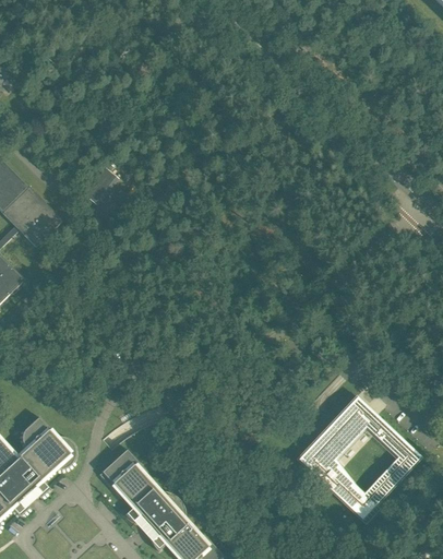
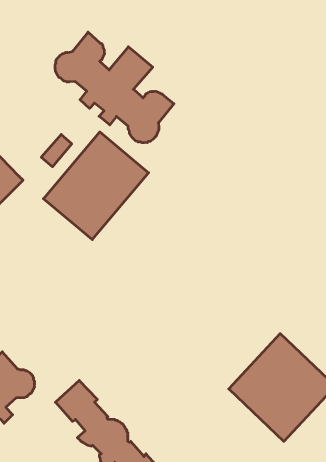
building: none -> [55,32,174,143]
building: none -> [43,132,149,240]

